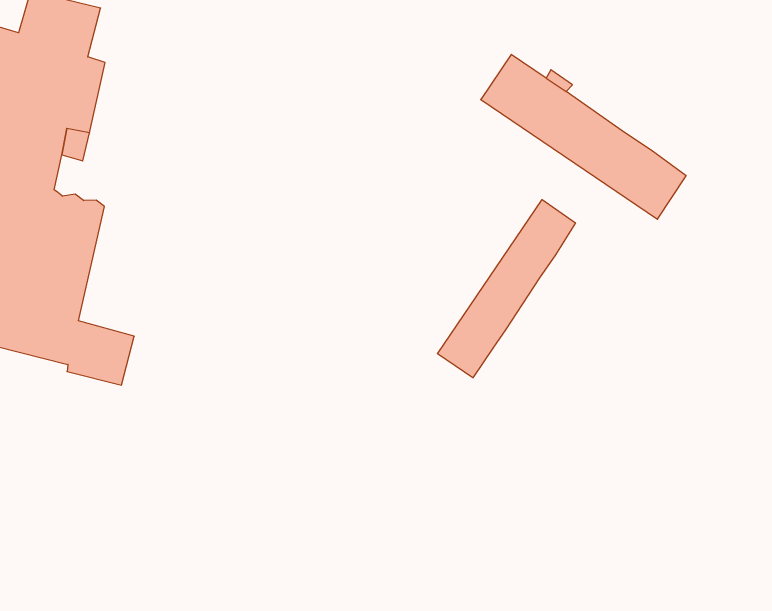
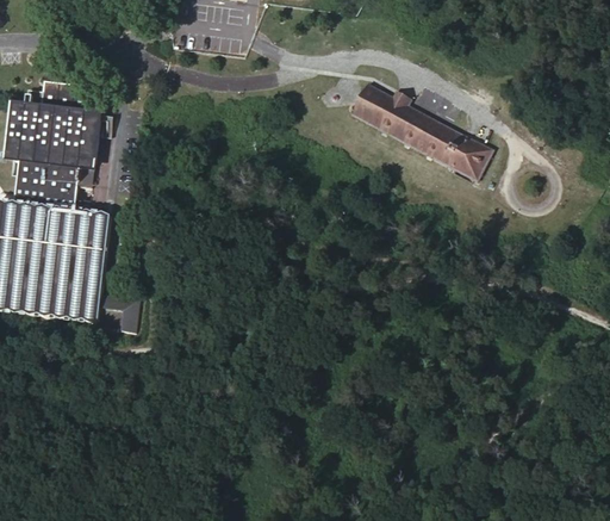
building: [438,200,575,378] -> none

